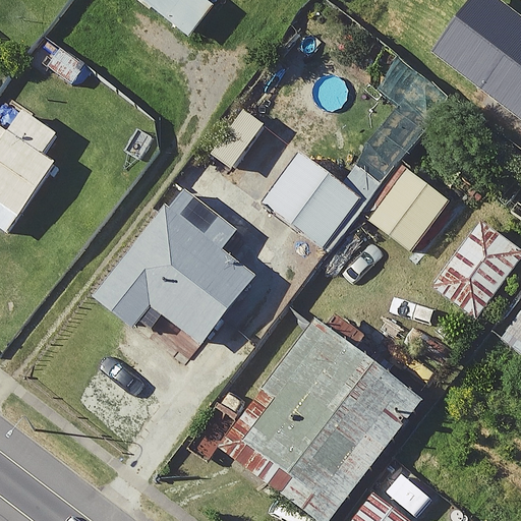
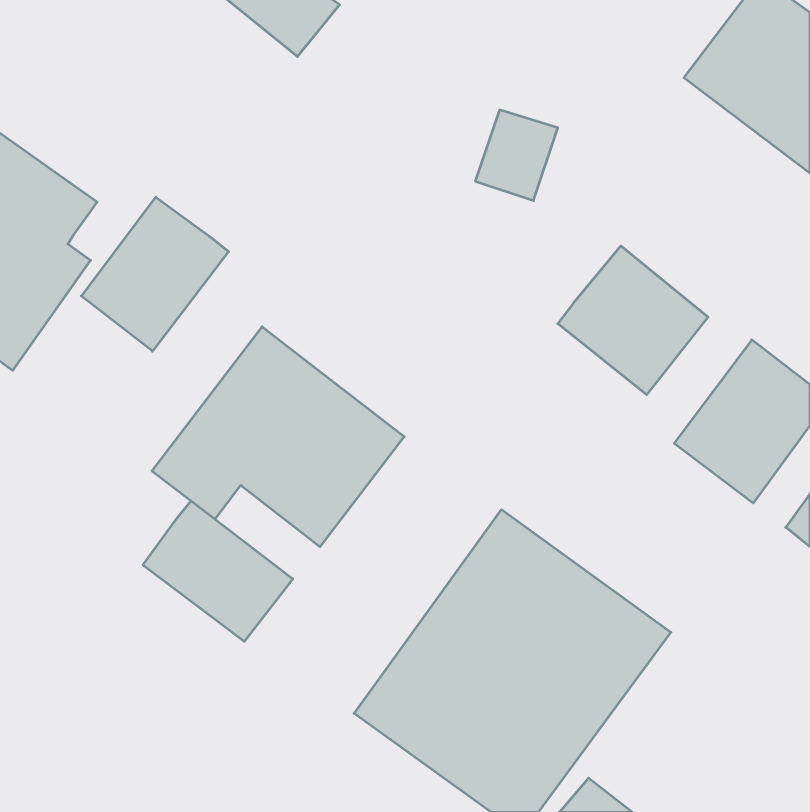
building: none -> [81,197,229,351]
building: [254,139,361,245] -> none
building: none -> [143,501,293,641]

